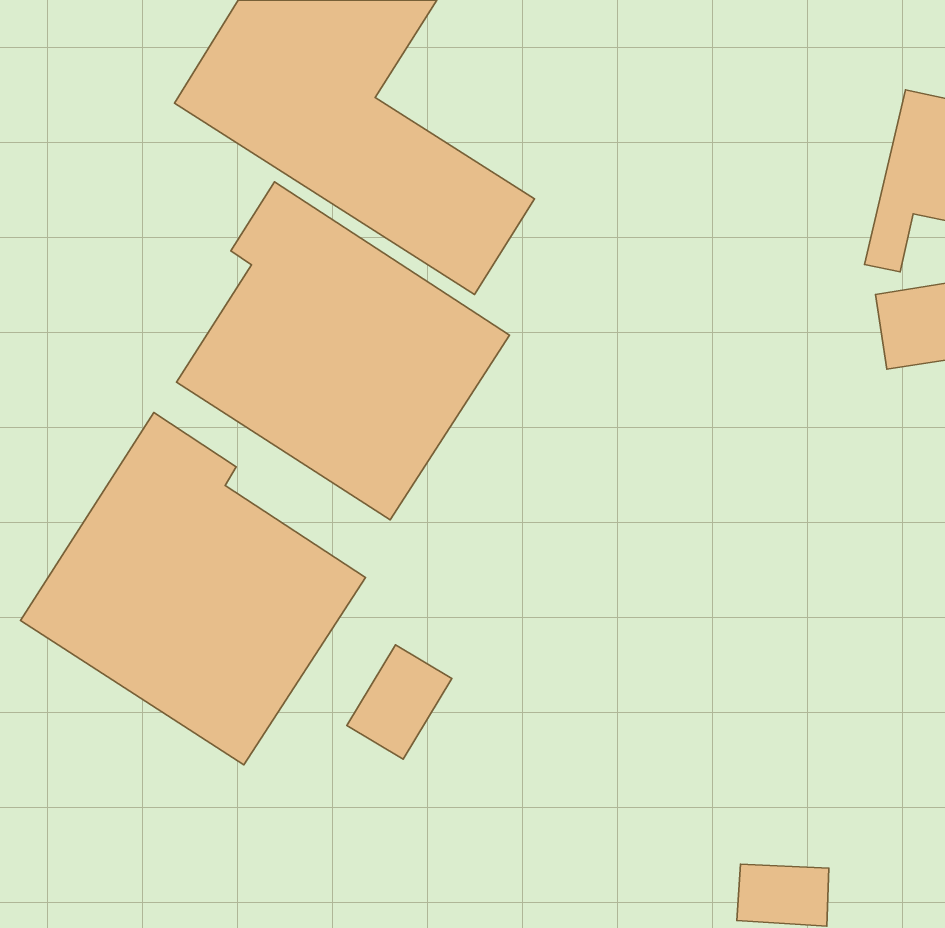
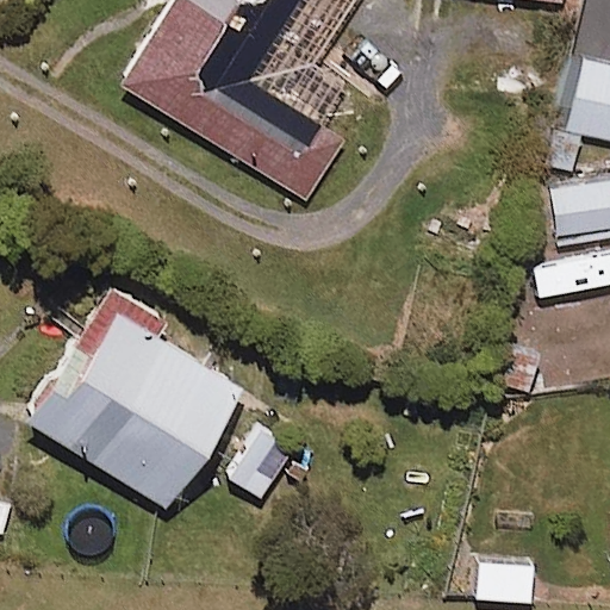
building: [177,182,510,520] -> none

